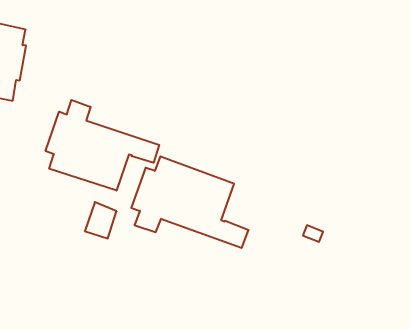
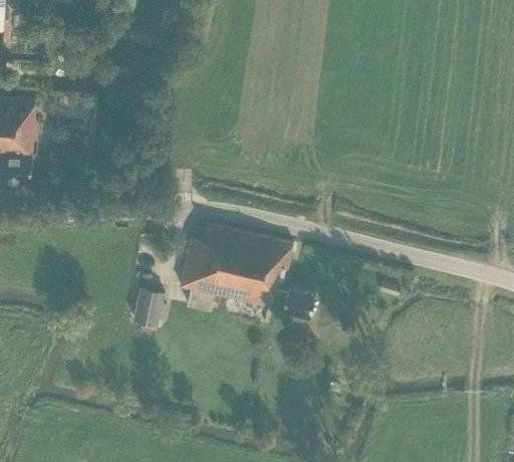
building: [46,100,159,191] -> none

